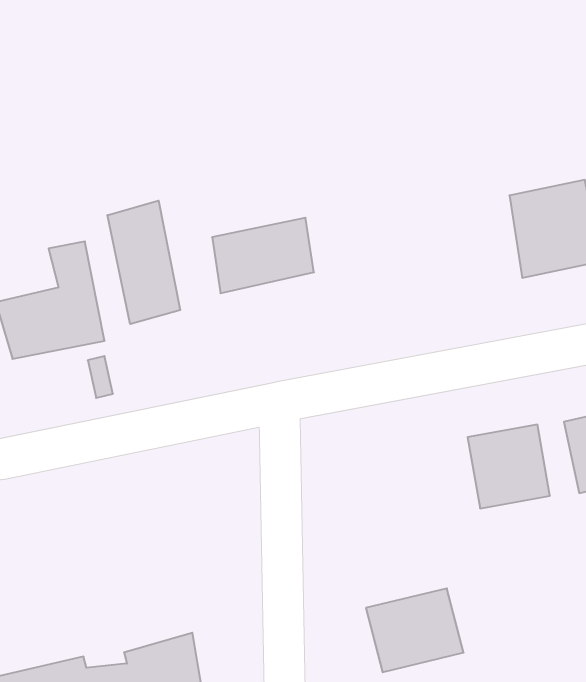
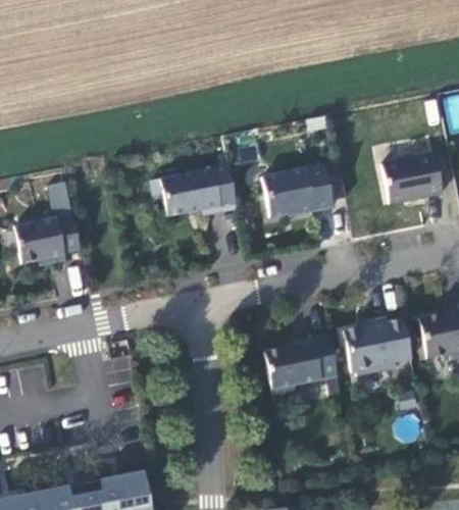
building: [107,201,180,324] -> none
building: none -> [261,163,338,222]
building: [366,588,464,672] -> [270,335,342,396]

